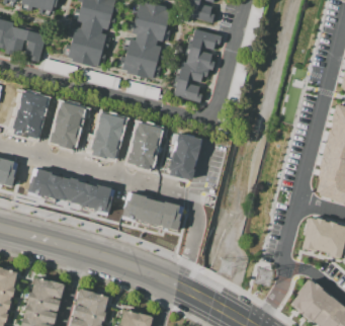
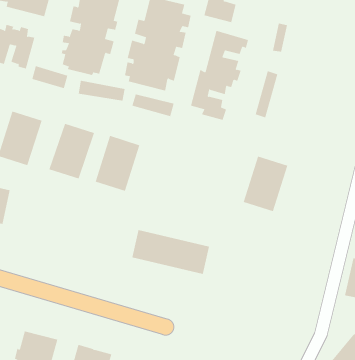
building: [136,126,173,172] -> none
building: [173,135,210,181] -> [243,156,288,212]
building: [30,167,118,215] -> none

